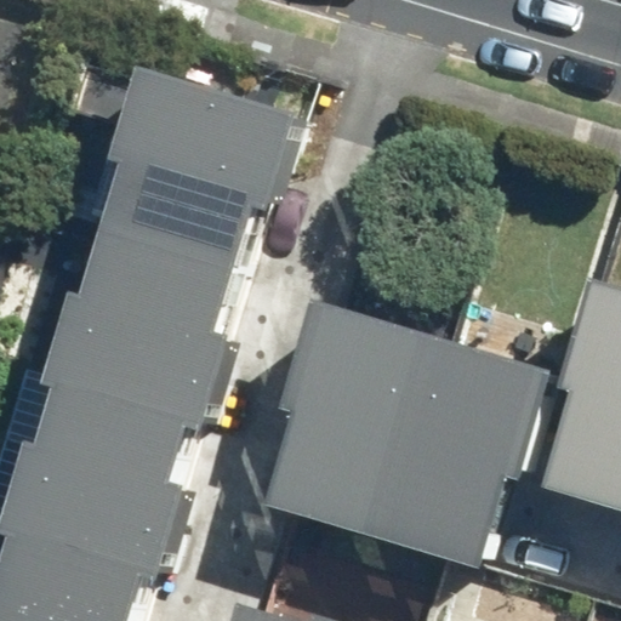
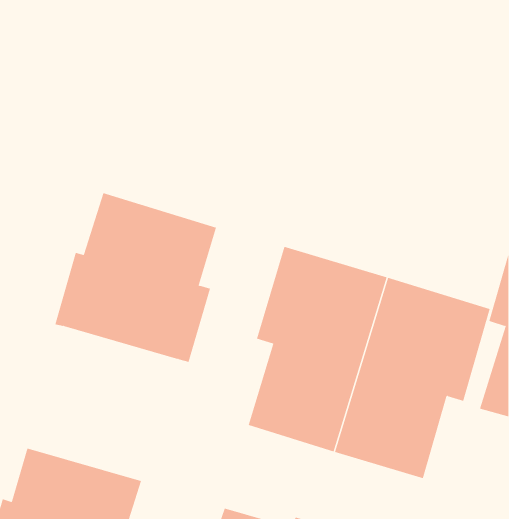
building: [121,74,315,277] -> none
building: [23,393,210,579] -> none

